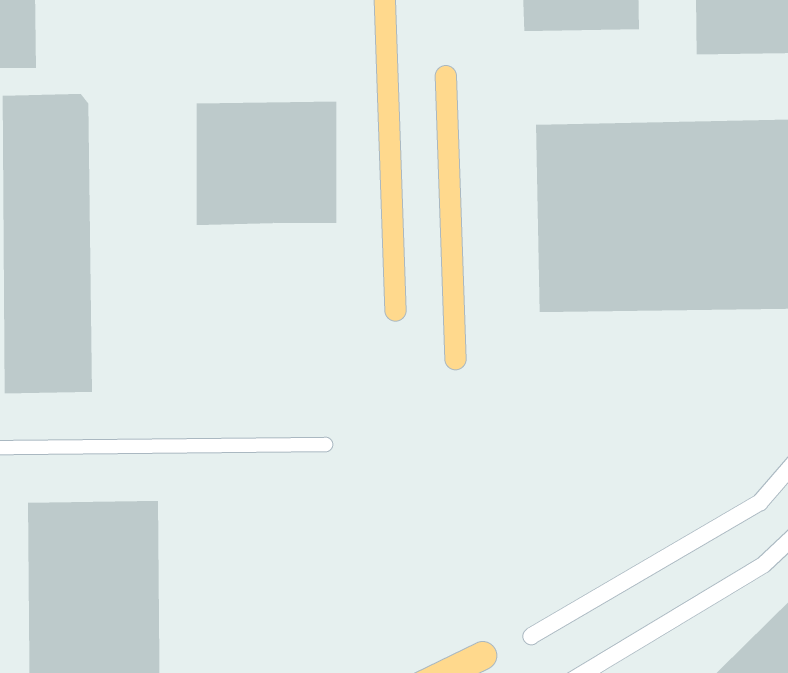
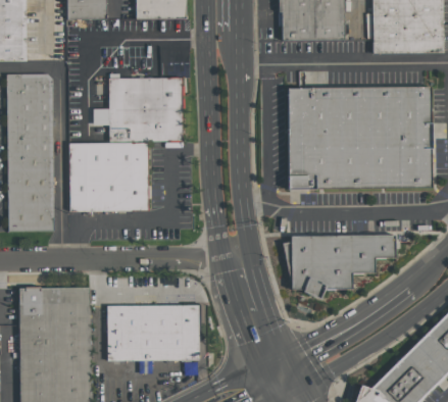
building: none -> [69,142,151,210]
building: none -> [284,236,395,299]
building: none -> [106,305,200,359]

